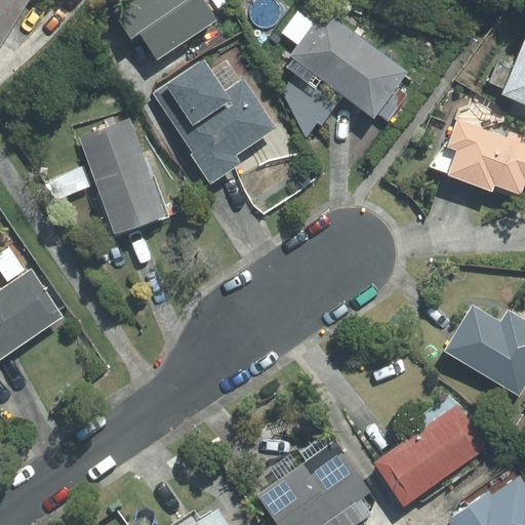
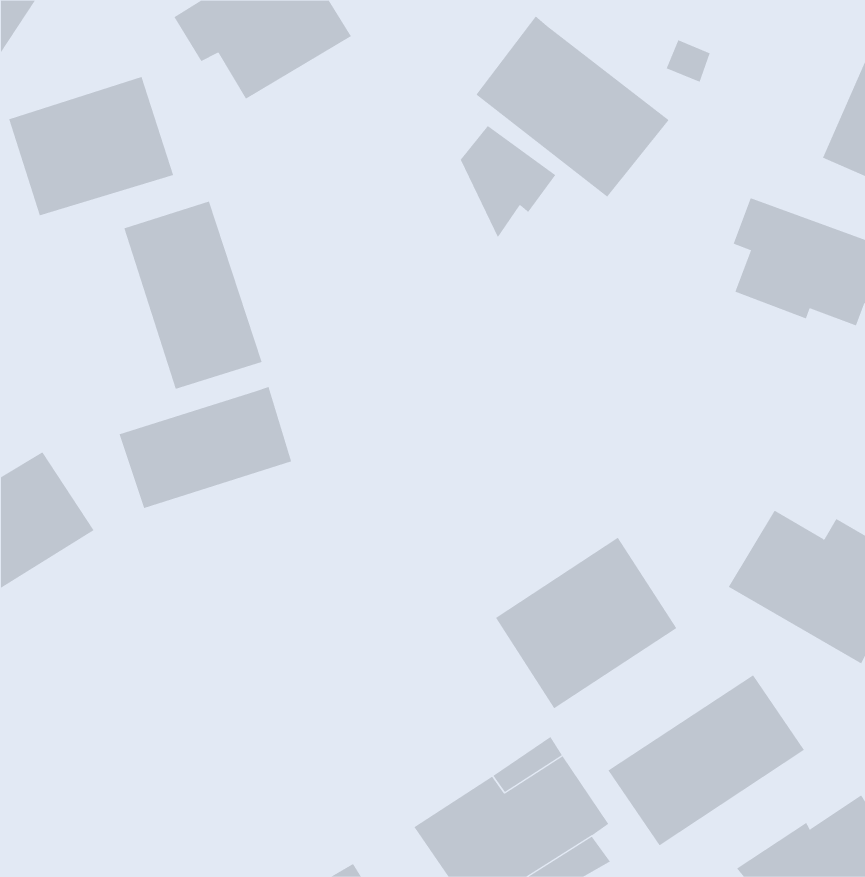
building: none -> [8,76,174,216]
building: [156,59,277,181] -> none
building: none -> [119,386,292,509]
building: none -> [495,537,677,709]

